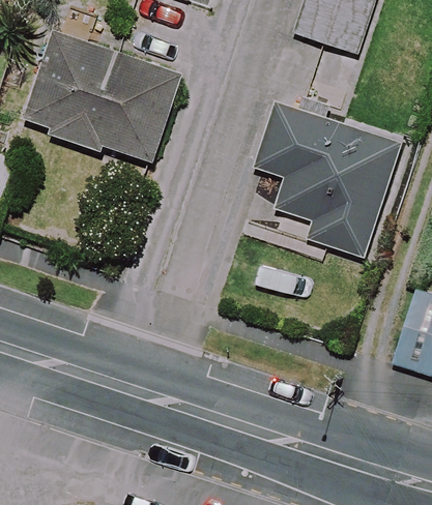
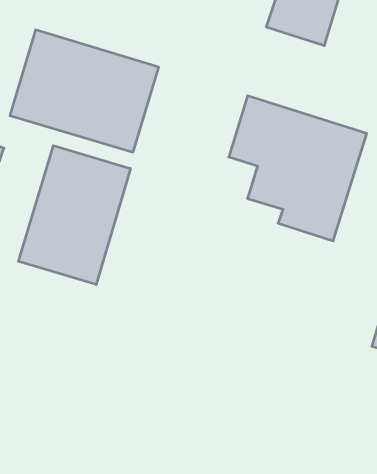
building: none -> [18,146,130,285]

